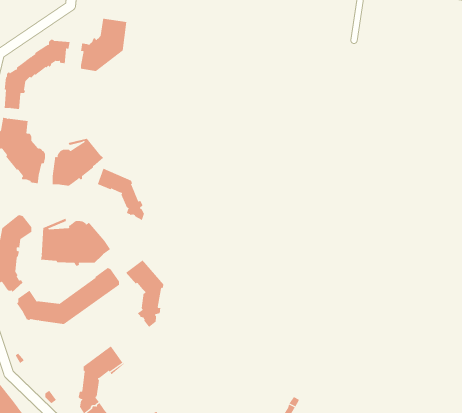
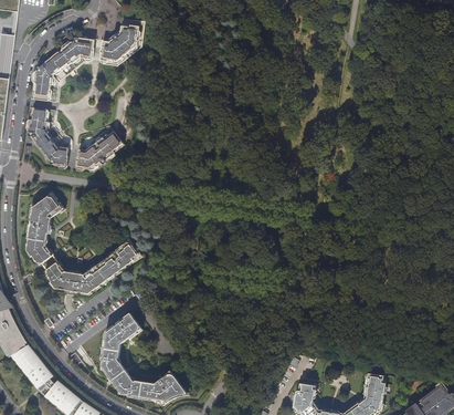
building: [97,168,145,221] -> none
building: [41,218,111,266] -> none
building: [125,260,164,328] -> none

